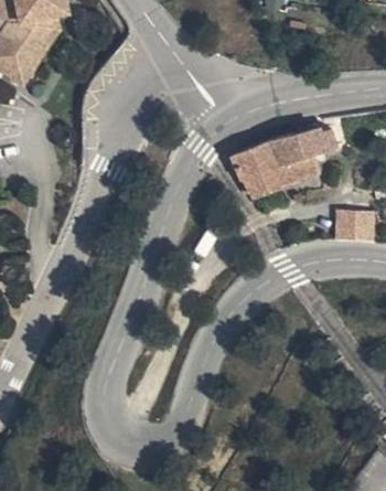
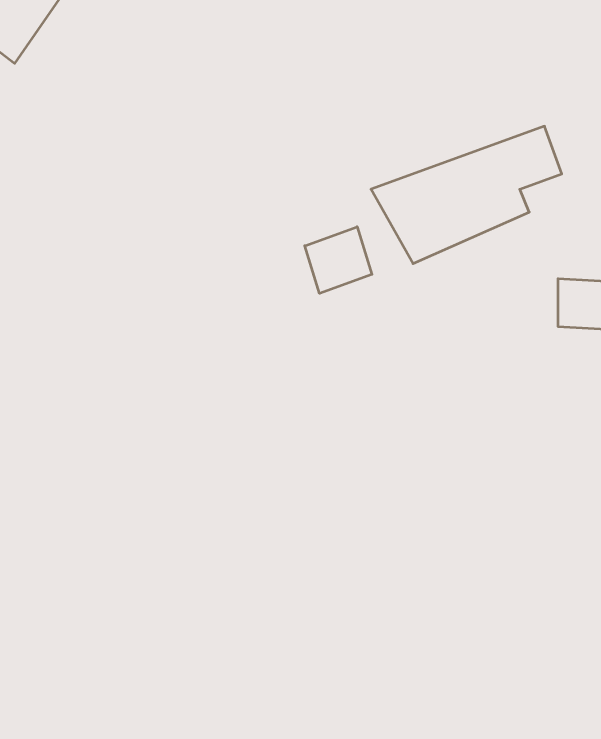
building: none -> [305,227,372,293]

